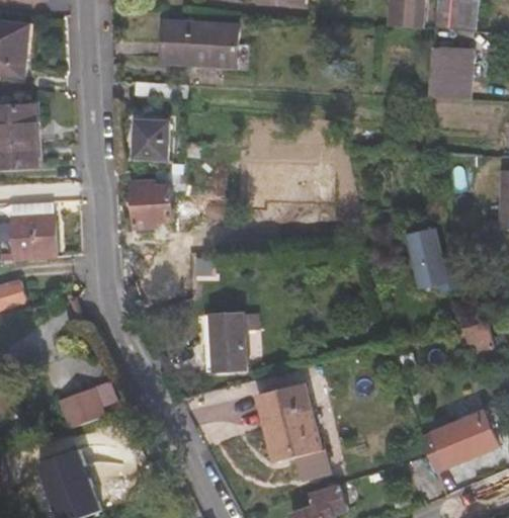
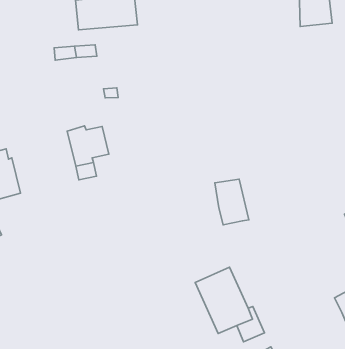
building: [131,118,168,156] -> none
building: [401,229,445,290] -> none
building: [218,311,252,363] -> [215,179,249,225]
building: [63,381,106,423] -> none

